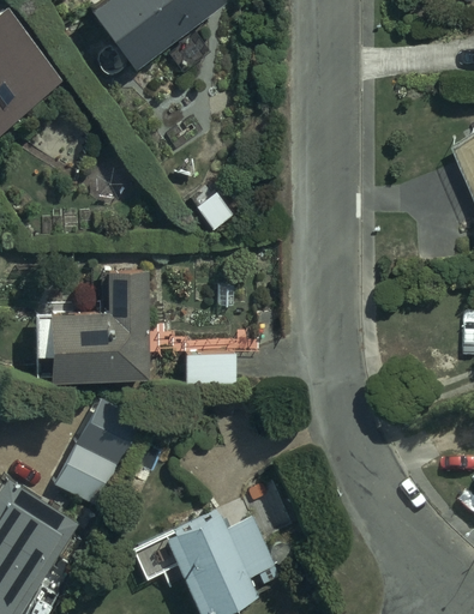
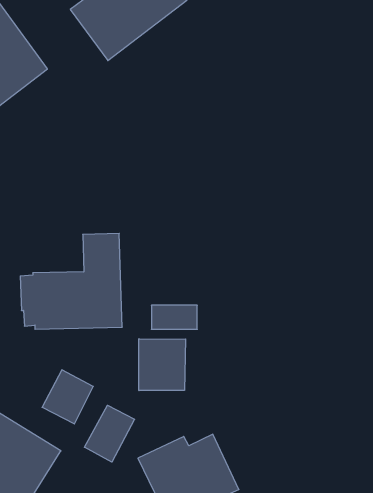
building: none -> [139,339,186,391]
building: none -> [84,405,135,462]

